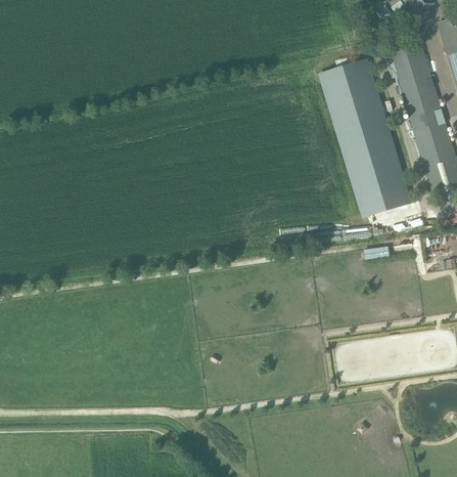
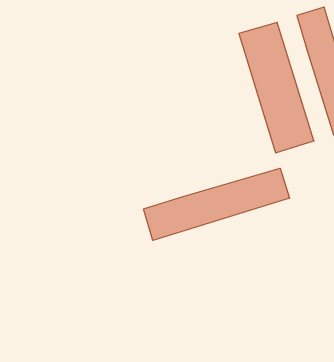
building: none -> [144,168,290,240]

